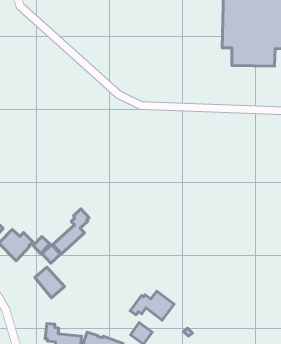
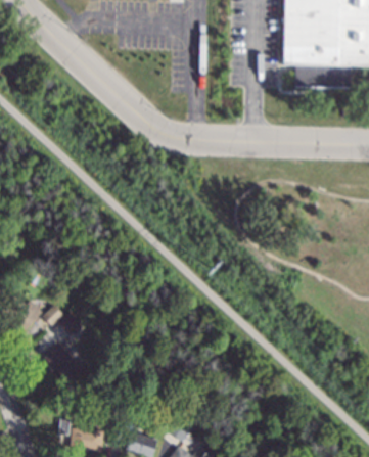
building: [53,209,89,254] -> none
building: [130,291,174,320] -> none

